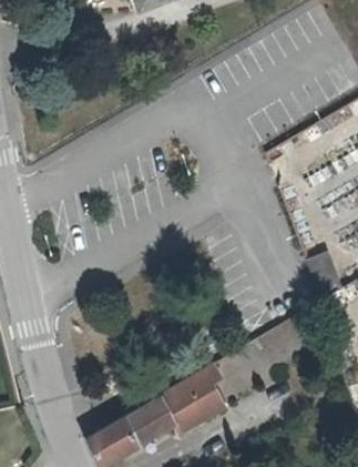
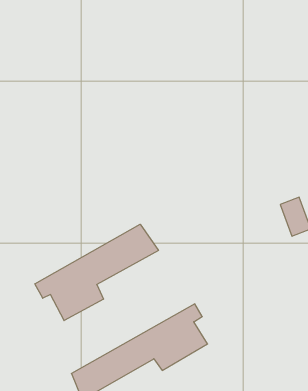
building: none -> [35,224,158,321]

